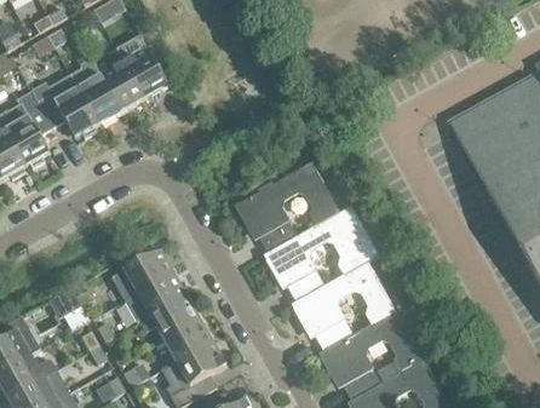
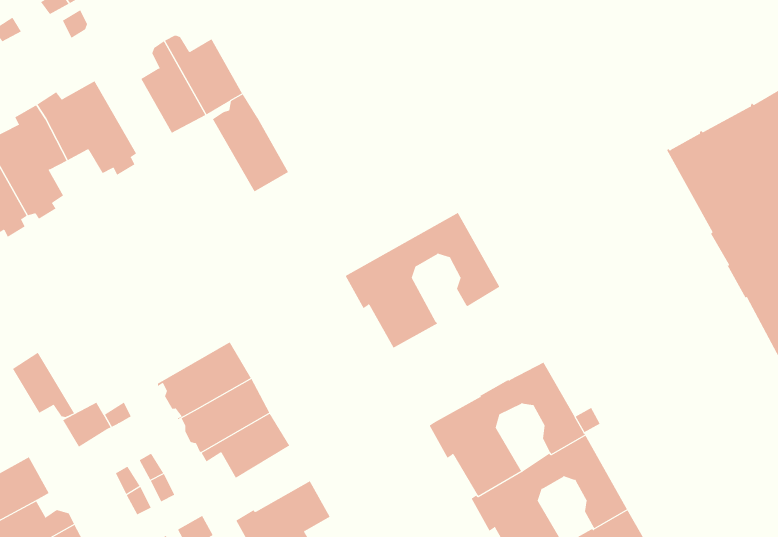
building: [70,57,121,122] -> [212,94,289,192]
building: [264,205,379,300] -> none
building: none -> [12,352,75,418]
building: [163,316,213,360] -> none

